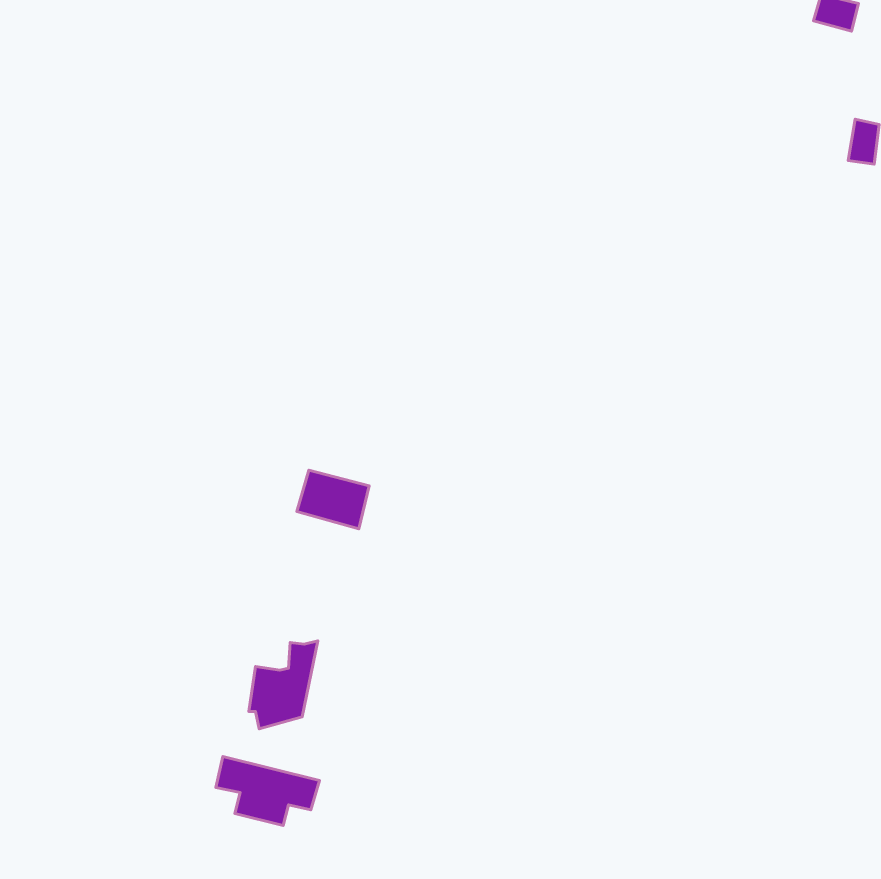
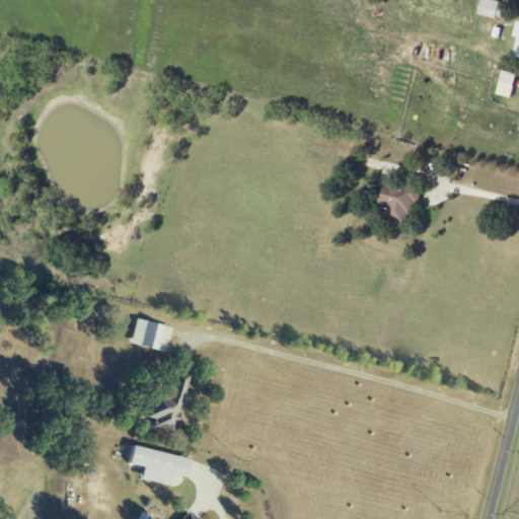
building: none -> [379,177,421,224]
building: [297,470,369,529] -> [127,317,169,352]

